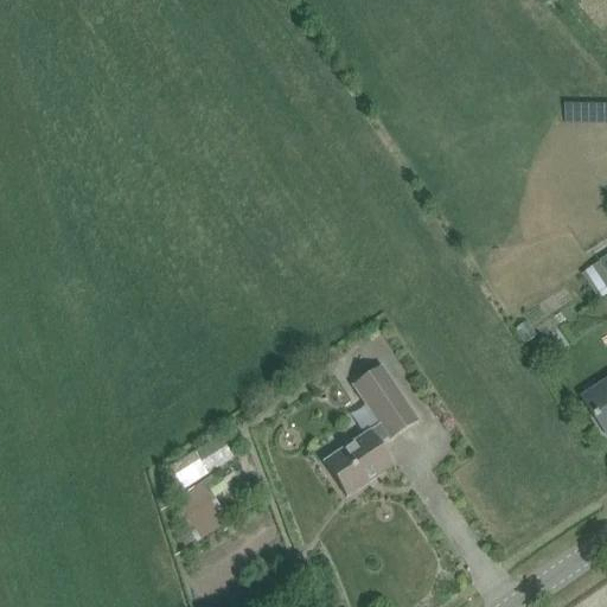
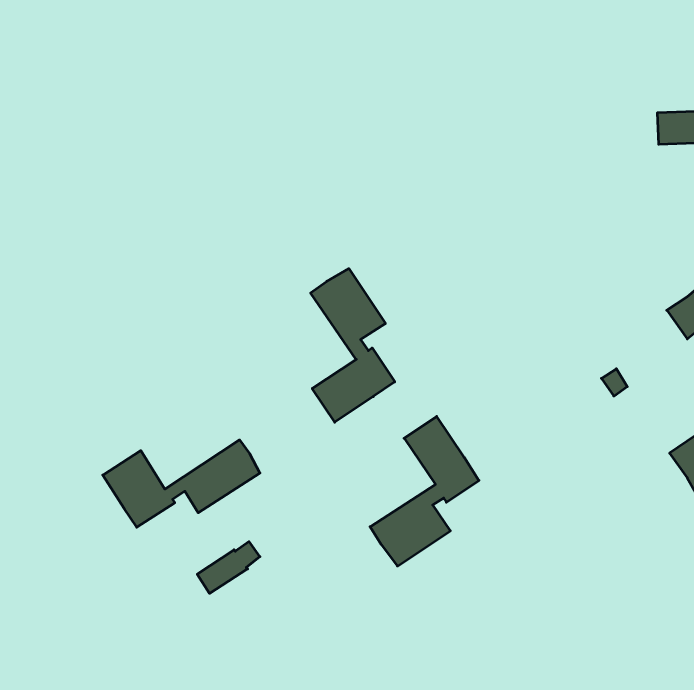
building: none -> [311,269,395,422]
building: none -> [103,440,260,527]

